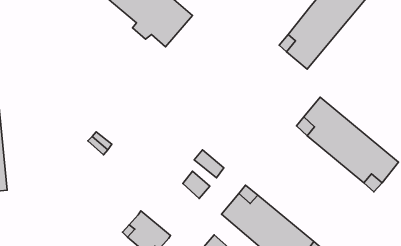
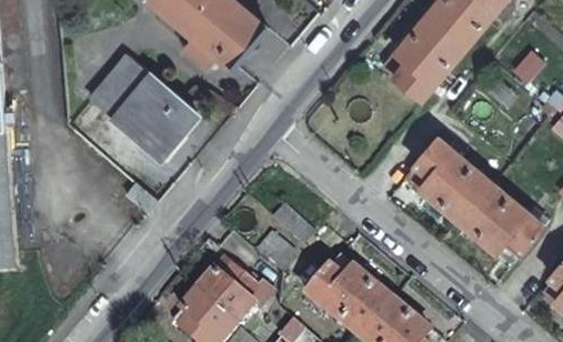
building: none -> [89,53,193,153]
building: none -> [197,259,269,322]

